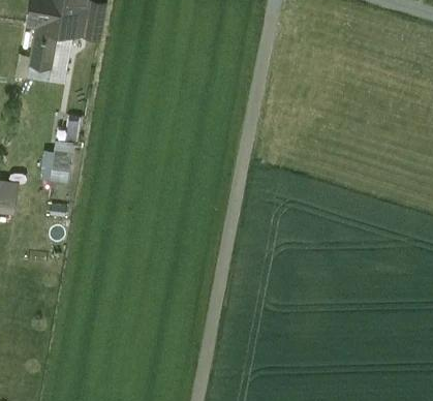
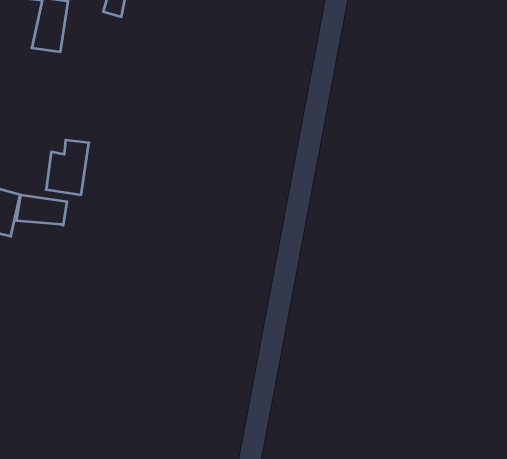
building: none -> [16,195,67,225]

